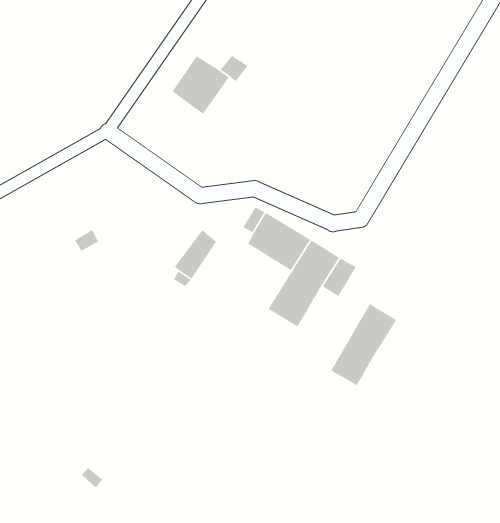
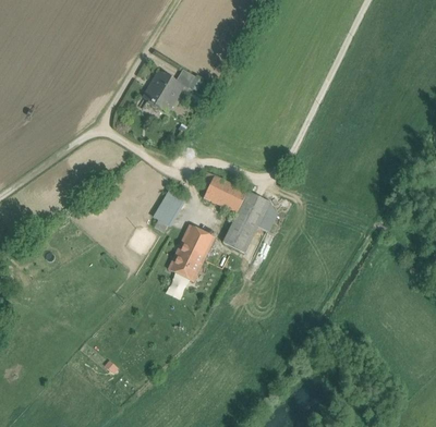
building: none -> [168,225,214,280]
building: [330,303,397,386] -> none

